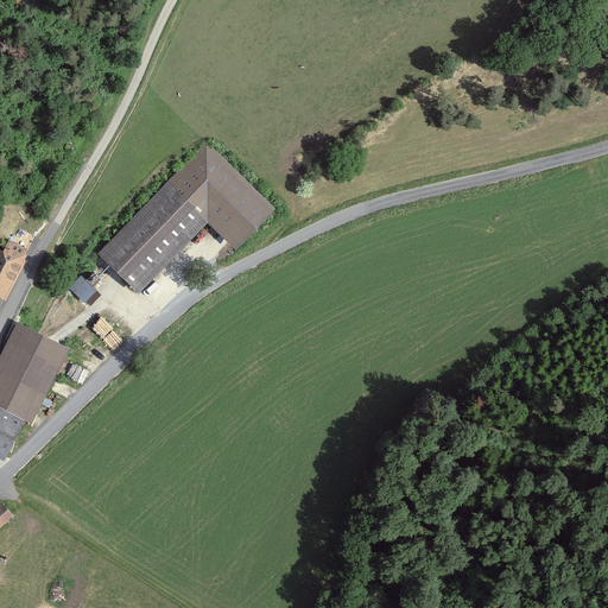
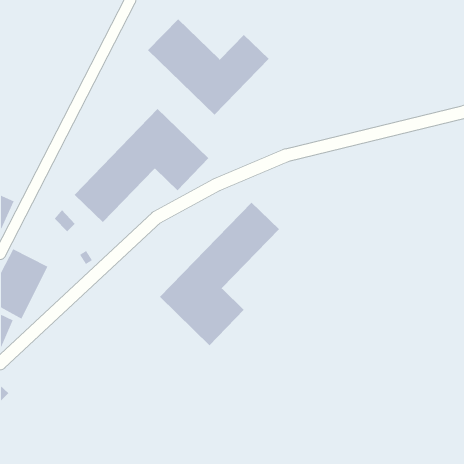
building: none -> [147,18,269,115]
building: none -> [159,202,280,346]

